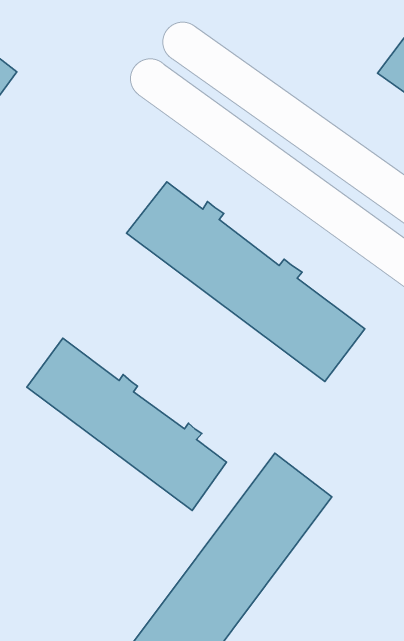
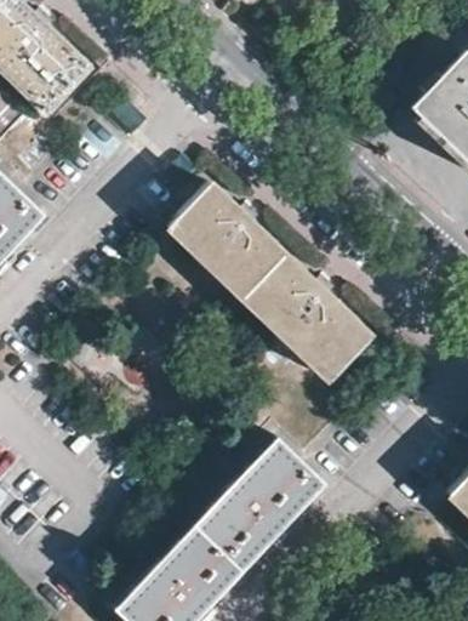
building: [27,338,227,510] -> none

